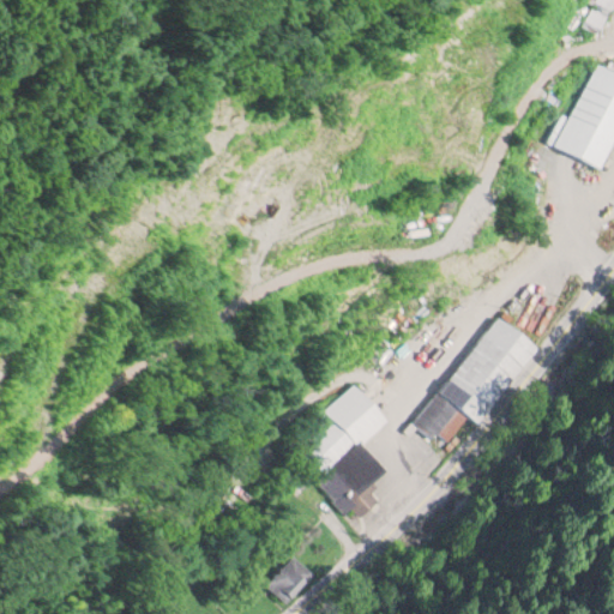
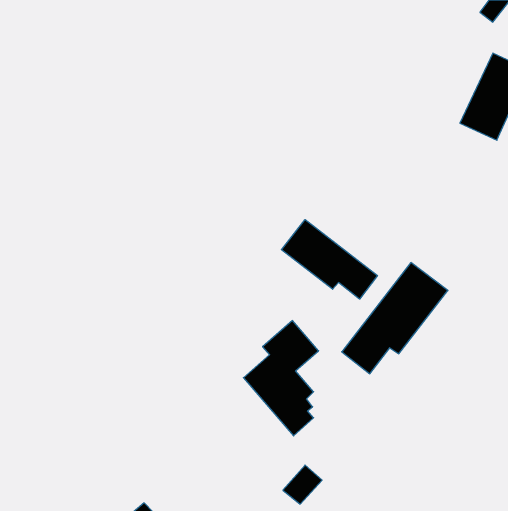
building: none -> [281,220,377,299]
building: [267,556,314,603] -> [283,465,322,504]

